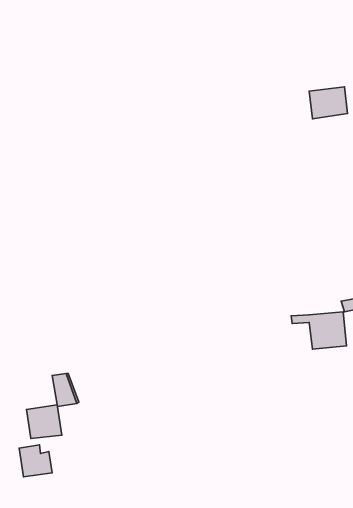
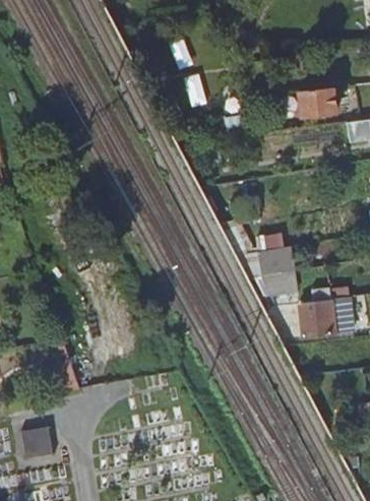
building: none -> [257,244,299,296]
building: [27,405,62,439] -> none

